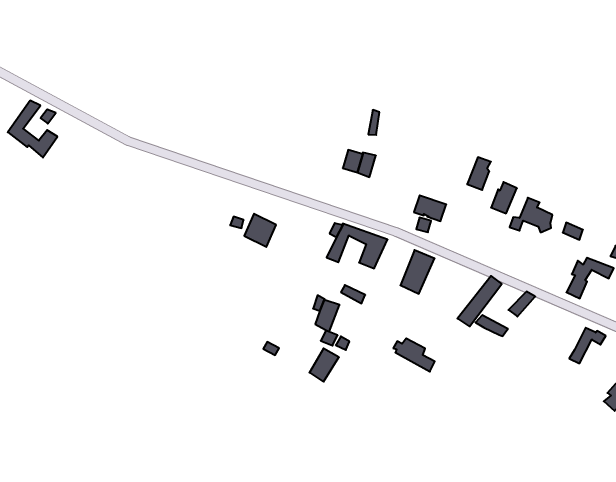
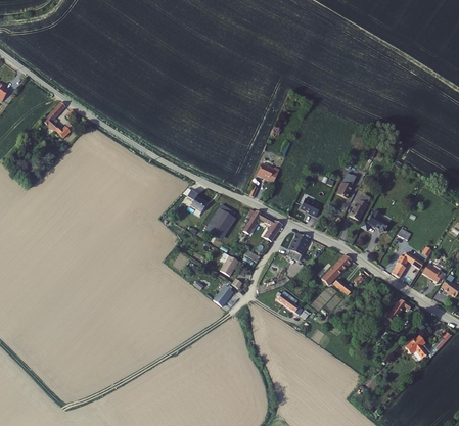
building: none -> [202,207,236,240]

